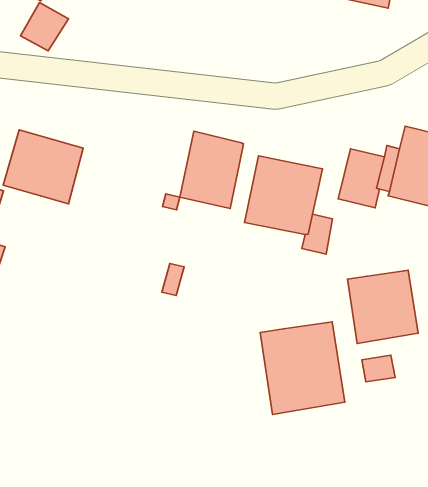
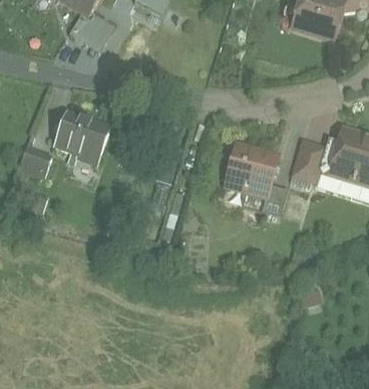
building: [180,131,244,208] -> none
building: [347,270,418,343] -> none
building: [260,322,345,414] -> none

